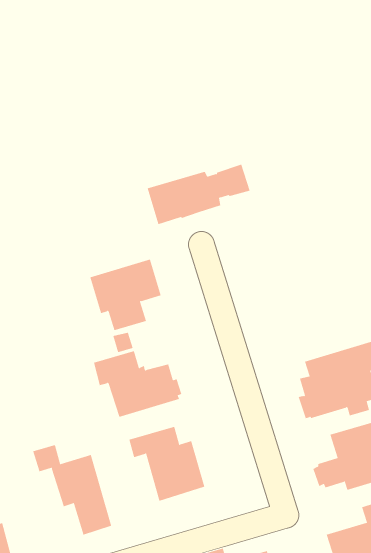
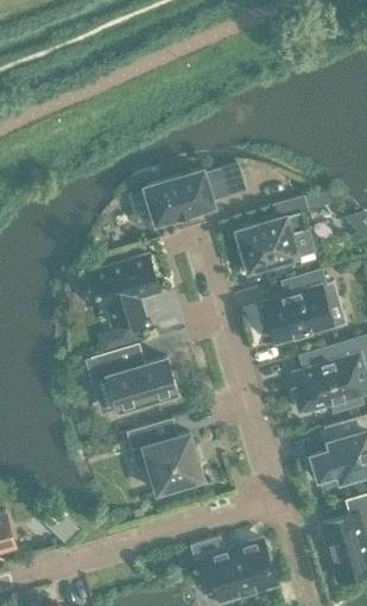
building: none -> [235,197,309,273]
building: none -> [260,271,340,345]
building: [33,442,112,535] -> none

